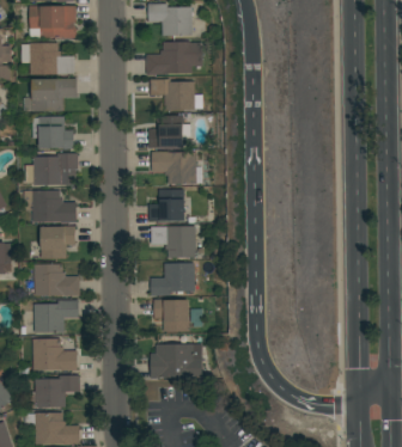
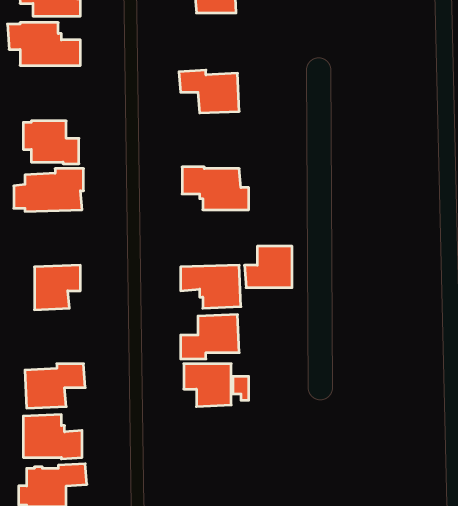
building: [146,42,202,75] -> none
building: [32,79,78,112] -> none
building: [148,116,191,149] -> none
building: [24,190,77,222] -> none
building: [148,190,184,221] -> [244,246,292,288]
building: [34,264,80,296] -> none
building: [150,344,202,379] -> none

